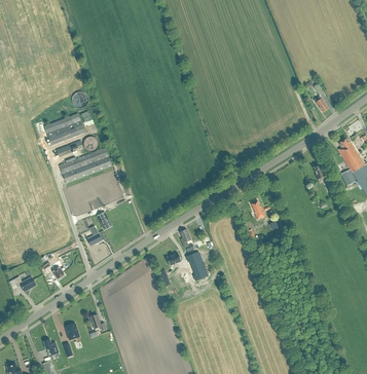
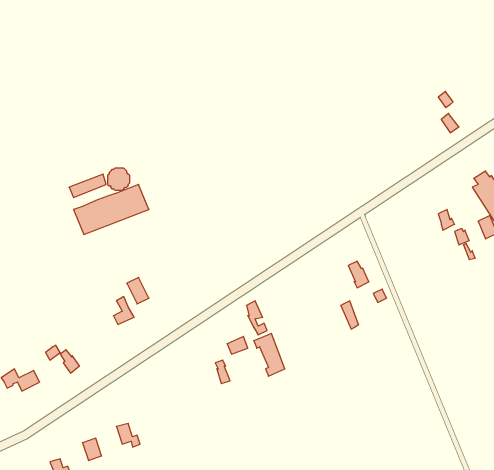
building: [43,113,84,145] -> none

